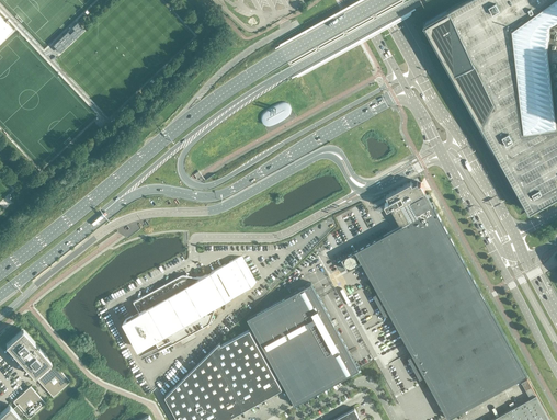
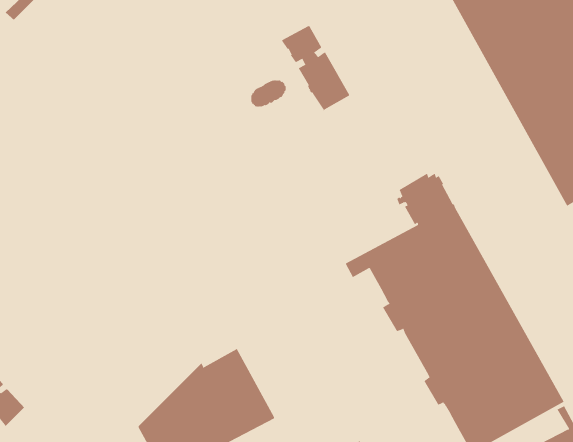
building: none -> [282,24,350,111]
building: [125,259,255,352] -> none
building: [247,285,357,407] -> none

